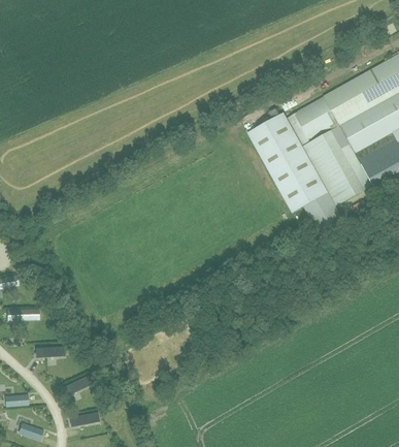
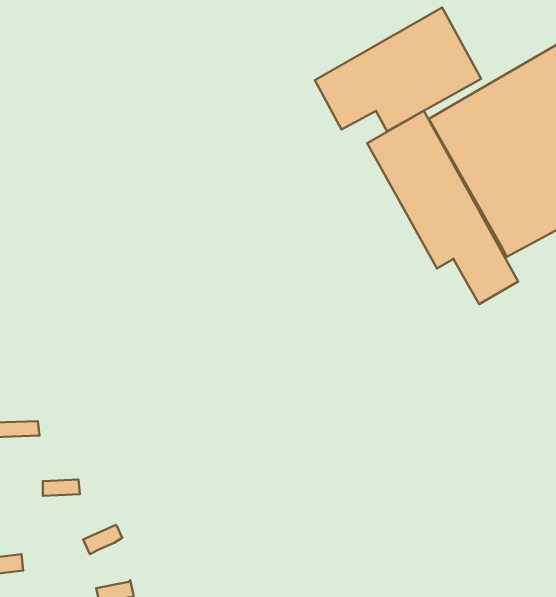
building: none -> [315,8,481,131]

